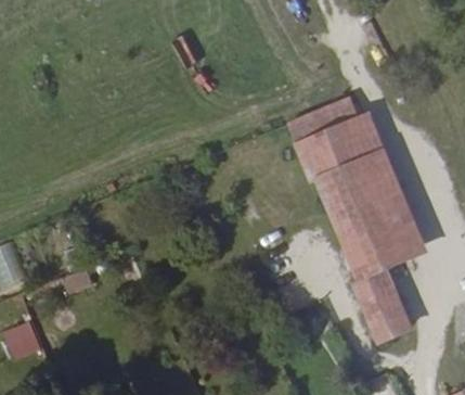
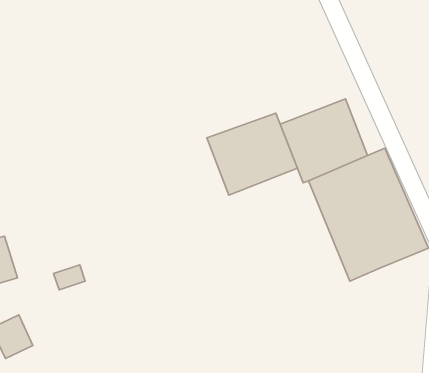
building: none -> [207,113,297,195]
building: [351,273,412,348] -> none

